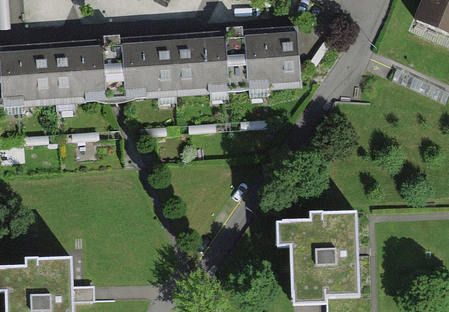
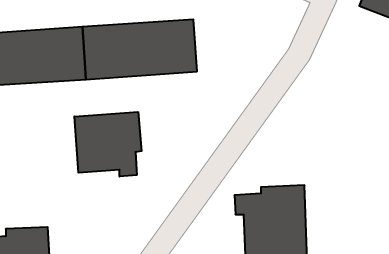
building: [230,27,302,89] -> none
building: none -> [74,112,142,177]

